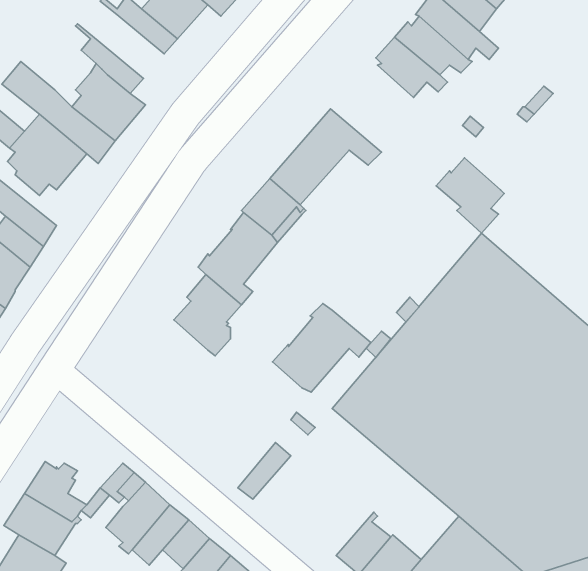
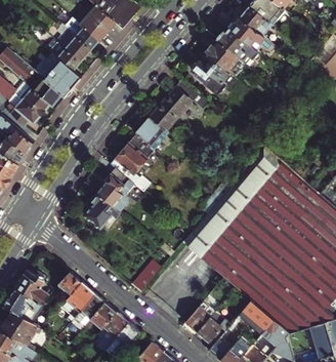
building: none -> [55,29,91,63]
building: [436,158,504,233] -> [192,55,228,96]
building: [273,303,371,392] -> none
building: none -> [85,194,115,228]

